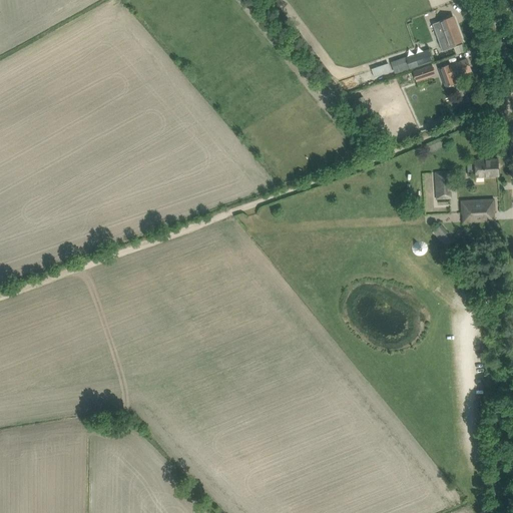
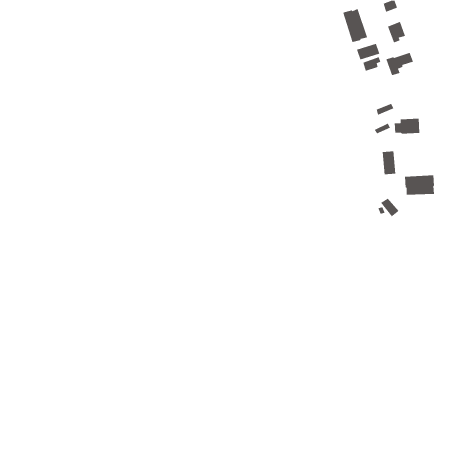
building: none -> [343,8,368,43]
building: [466,158,496,176] -> [394,118,420,134]

